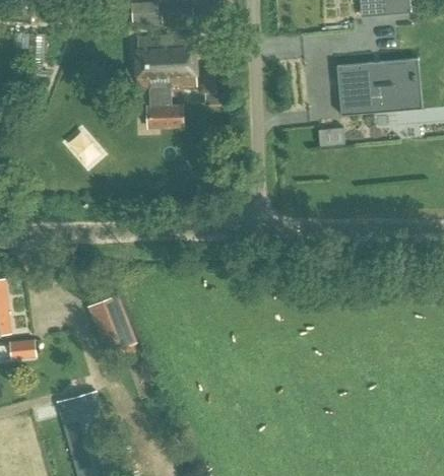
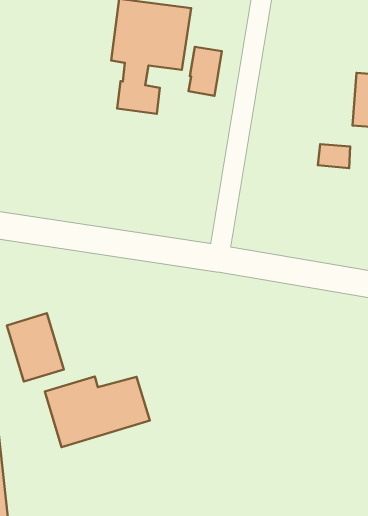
building: none -> [45,376,150,447]

